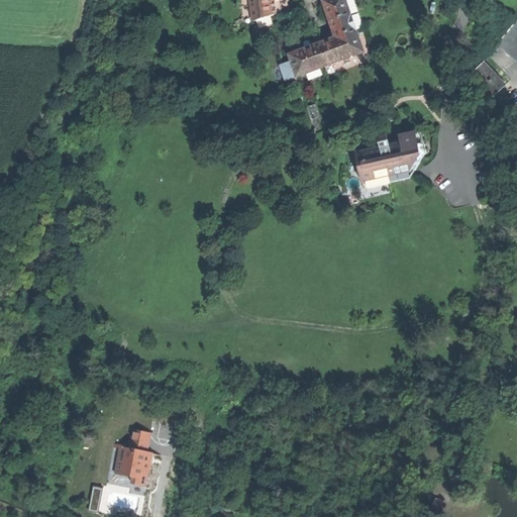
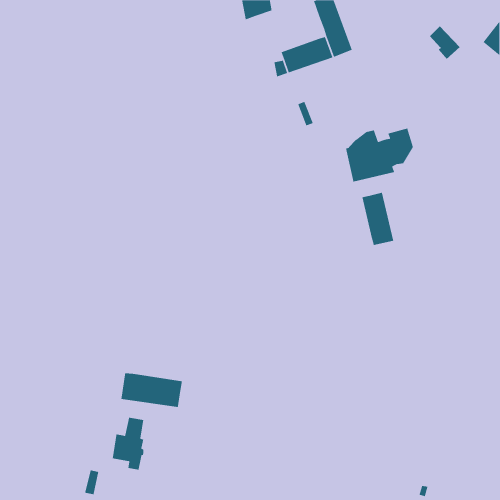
building: [472,63,504,98] -> [429,25,460,60]
building: none -> [361,192,394,246]
building: none -> [120,372,183,408]

